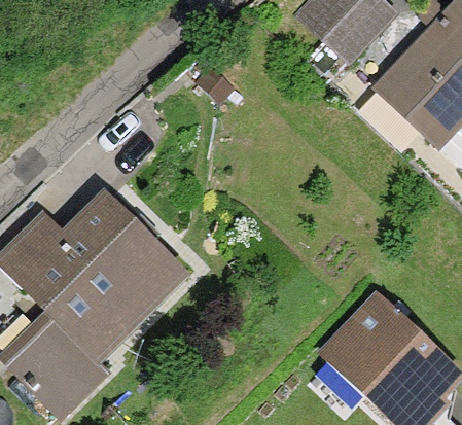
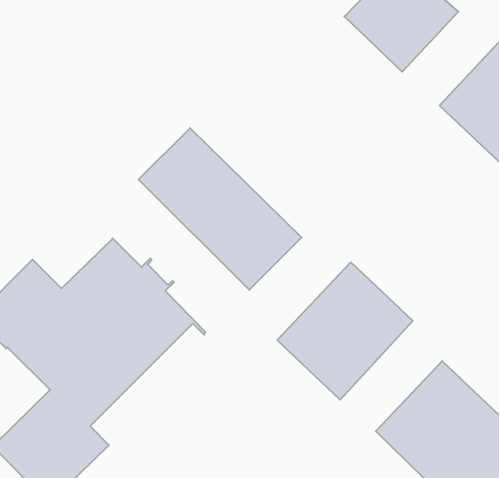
building: none -> [139,128,302,290]
building: none -> [277,262,413,400]

